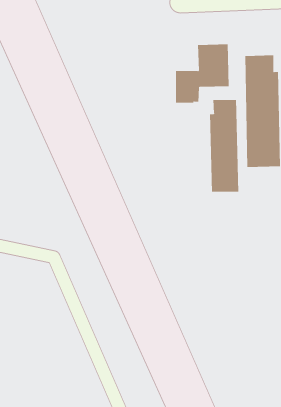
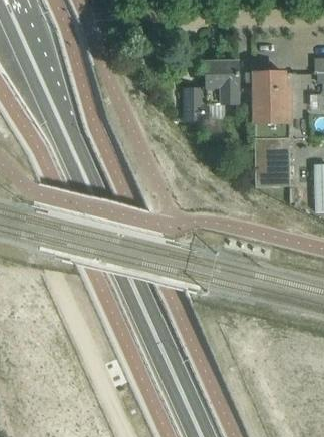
building: [210,99,239,193] -> none

